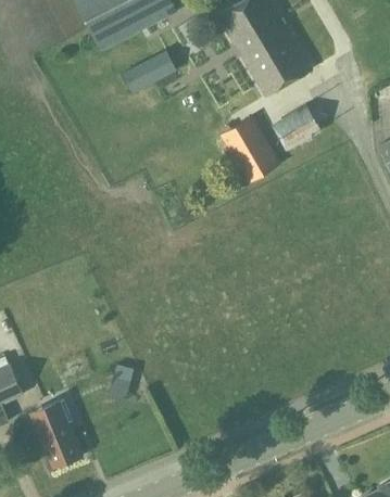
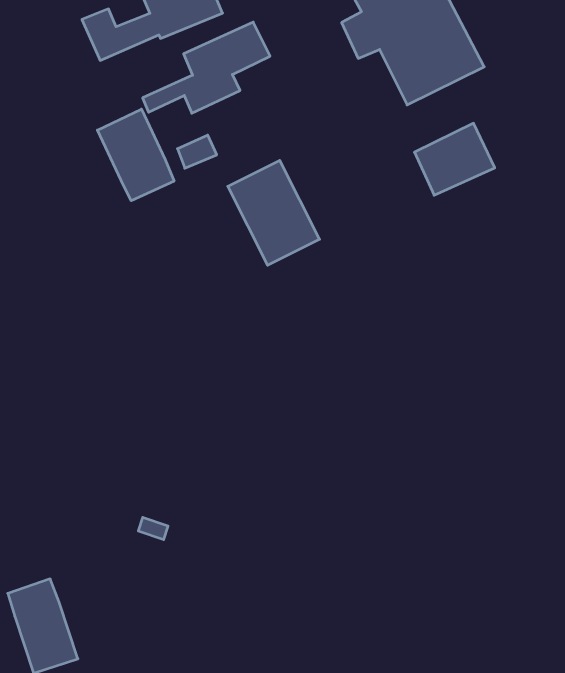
building: none -> [97,109,174,201]
building: [219,116,279,182] -> [228,160,320,265]

